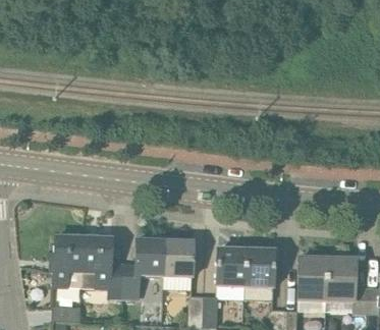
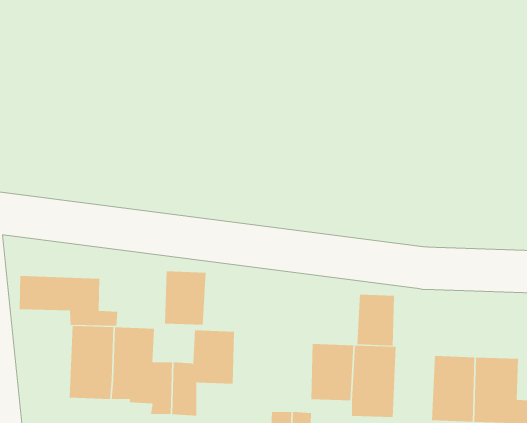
building: none -> [19,275,118,327]
building: none -> [357,294,394,346]
building: [164,239,193,276] -> [164,271,206,325]

